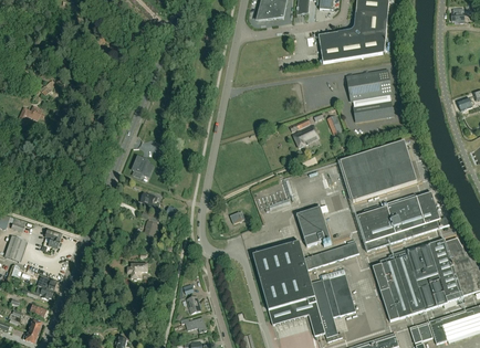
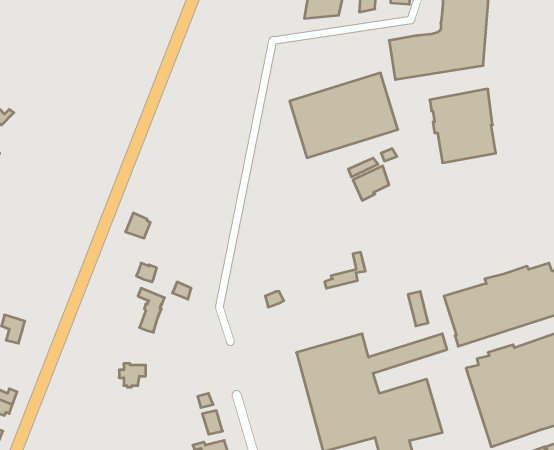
building: [341,140,417,200] -> [290,73,398,158]
building: [296,205,331,245] -> none

